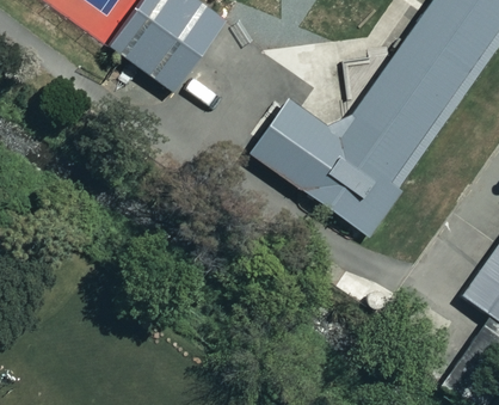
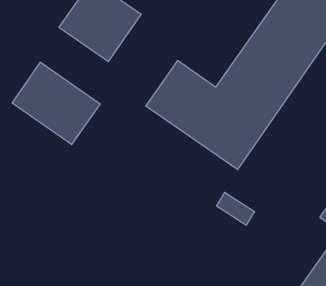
building: none -> [12,62,100,145]

